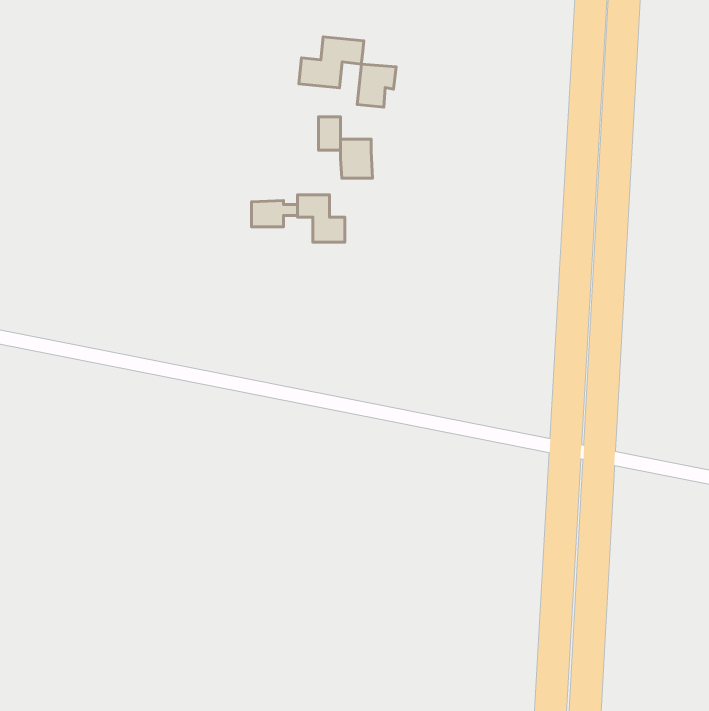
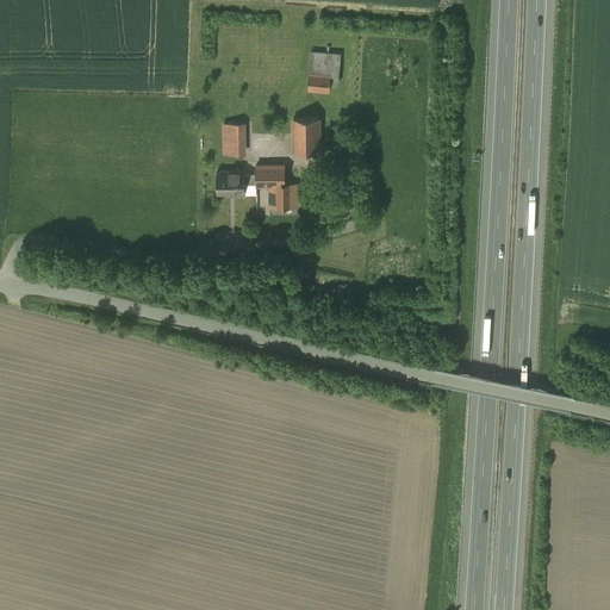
building: [299,37,364,88] -> none
building: [318,117,341,150] -> [225,125,244,154]

